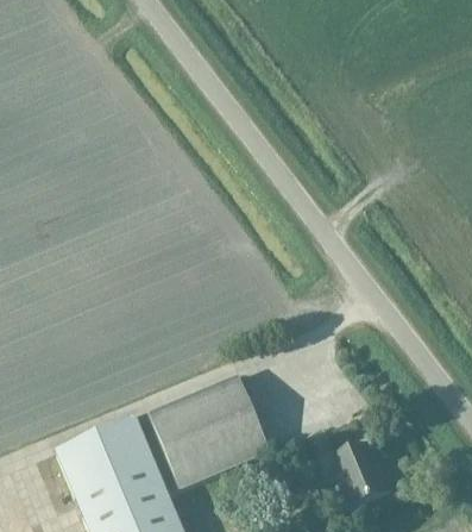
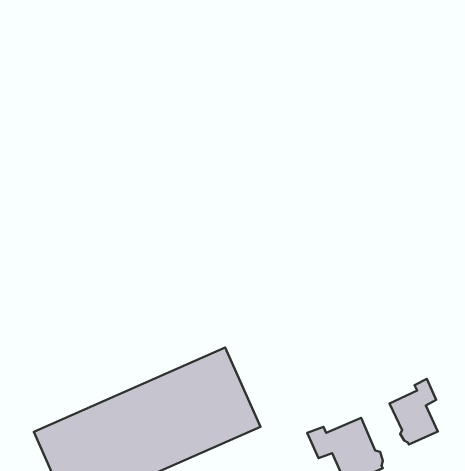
building: none -> [389,379,438,445]

